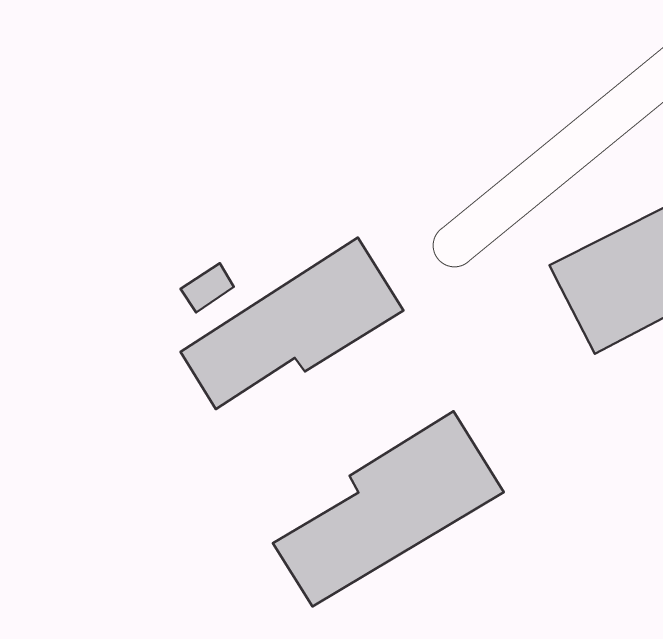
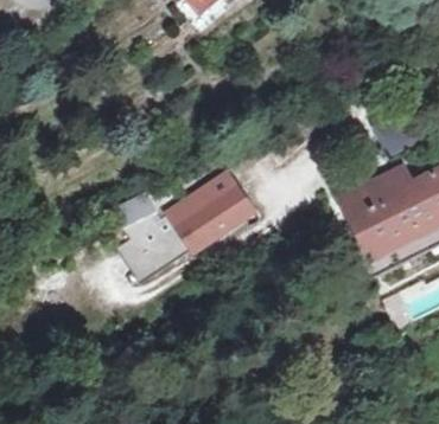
building: [273,411,504,606] -> none

